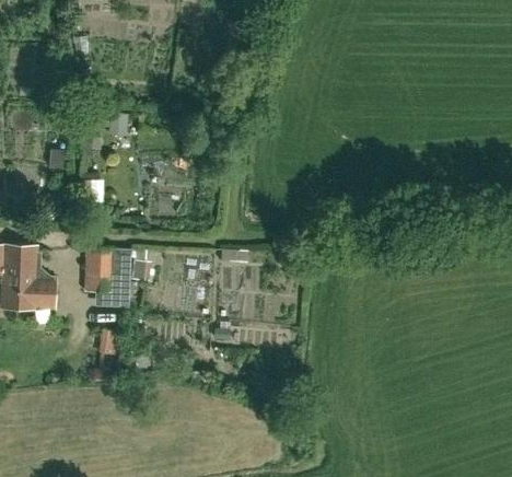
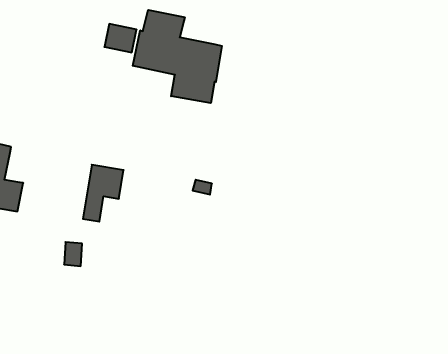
building: none -> [133,10,222,103]
building: [84,247,113,292] -> none

